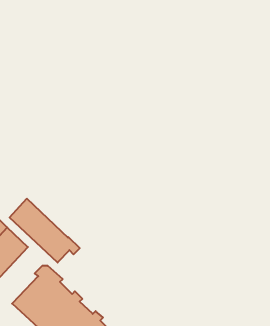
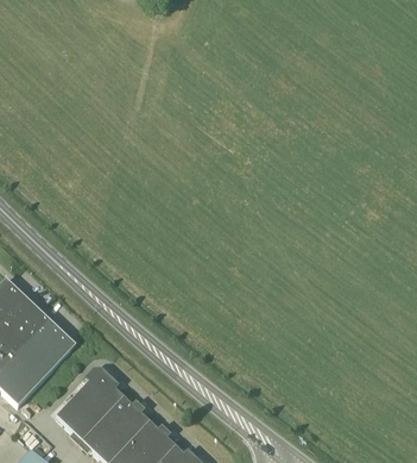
building: [10,199,80,263] -> none

